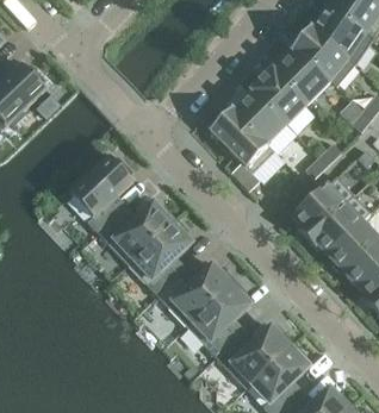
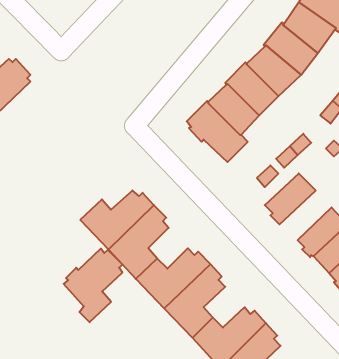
building: [70,155,132,232] -> [64,249,122,322]
building: [307,201,362,254] -> none

